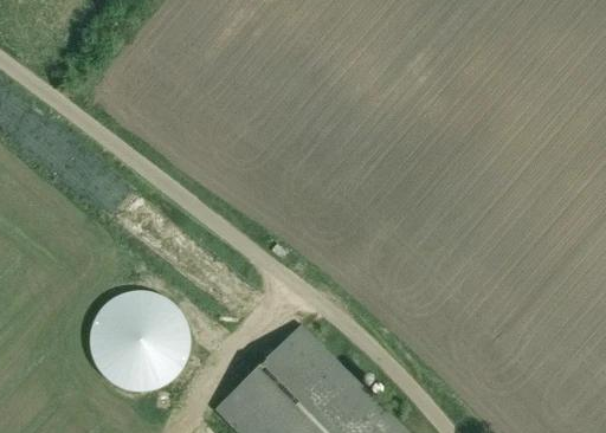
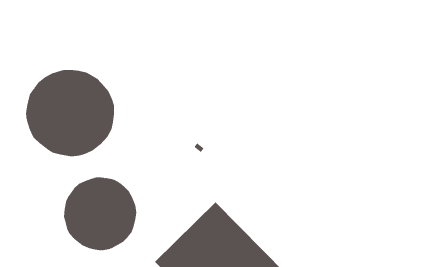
building: none -> [26,69,115,157]

